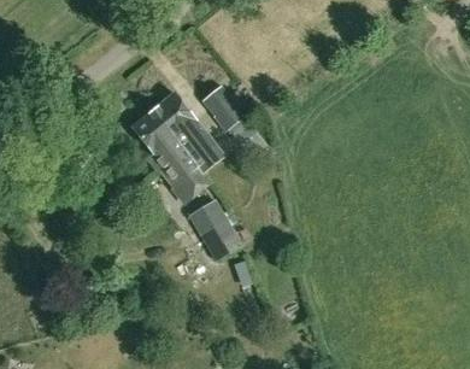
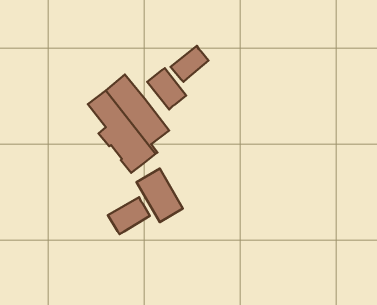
building: none -> [171,46,209,82]
building: none -> [108,197,150,234]

